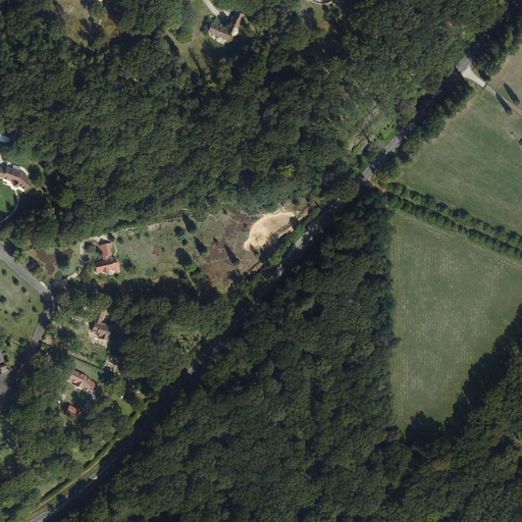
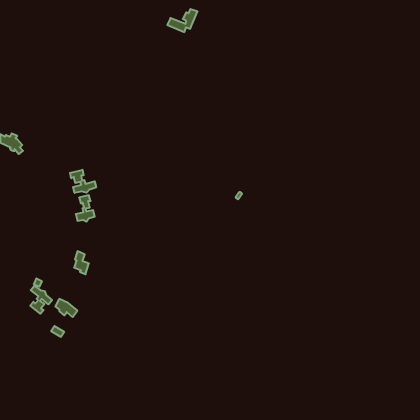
building: none -> [70,170,96,193]
building: none -> [30,286,52,314]

